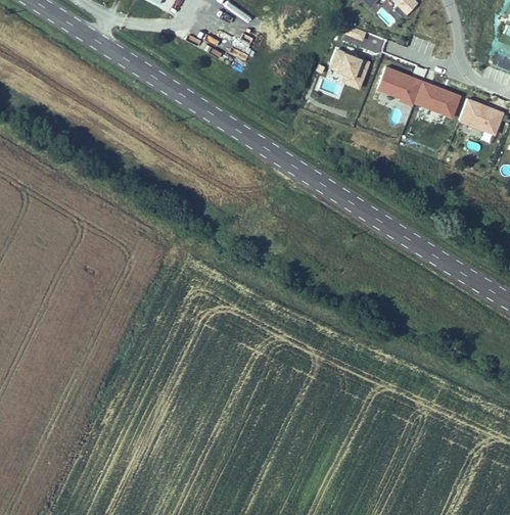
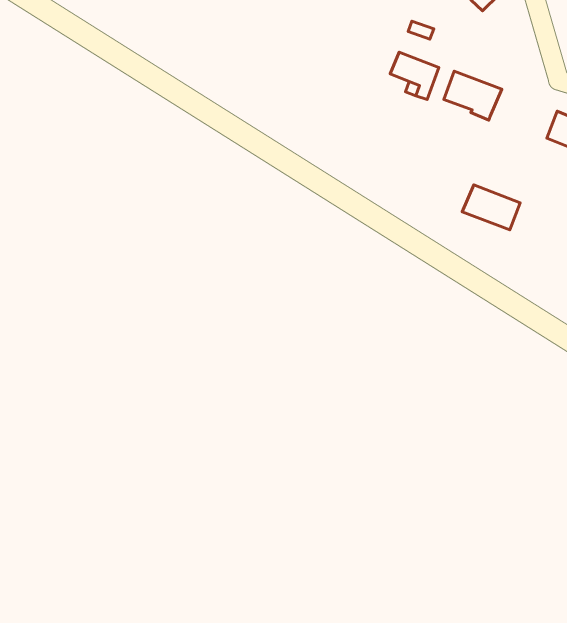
building: [414,81,460,116] -> [462,185,520,230]

